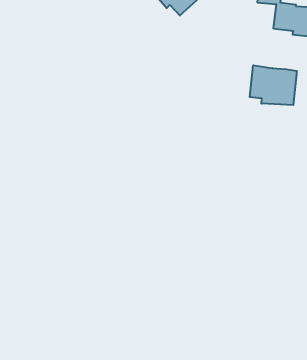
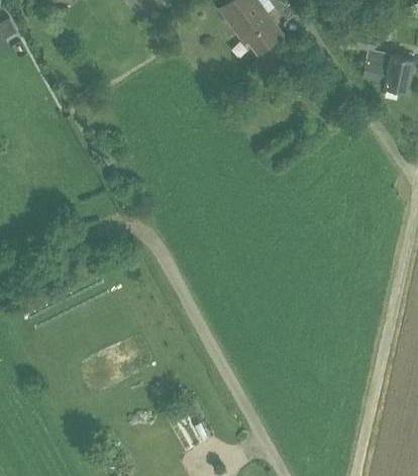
building: [250,65,297,105] -> none

